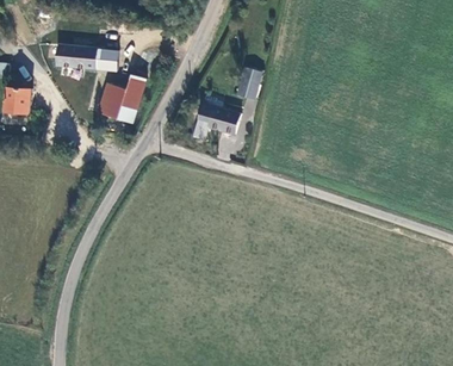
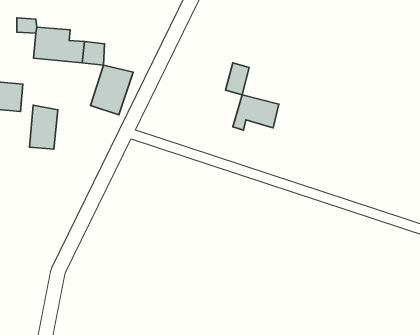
building: [194,104,241,139] -> [233,95,279,130]
building: none -> [30,105,58,149]

